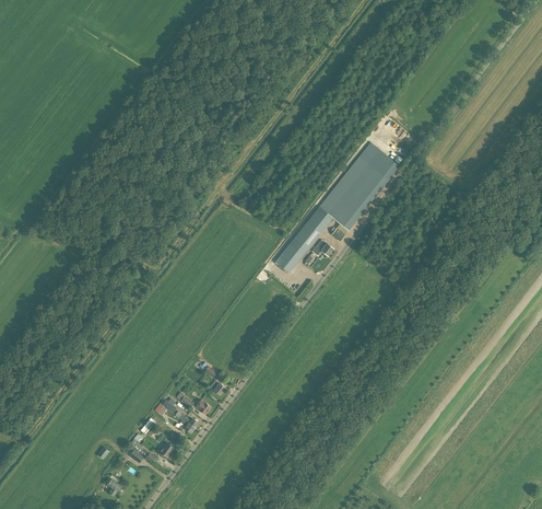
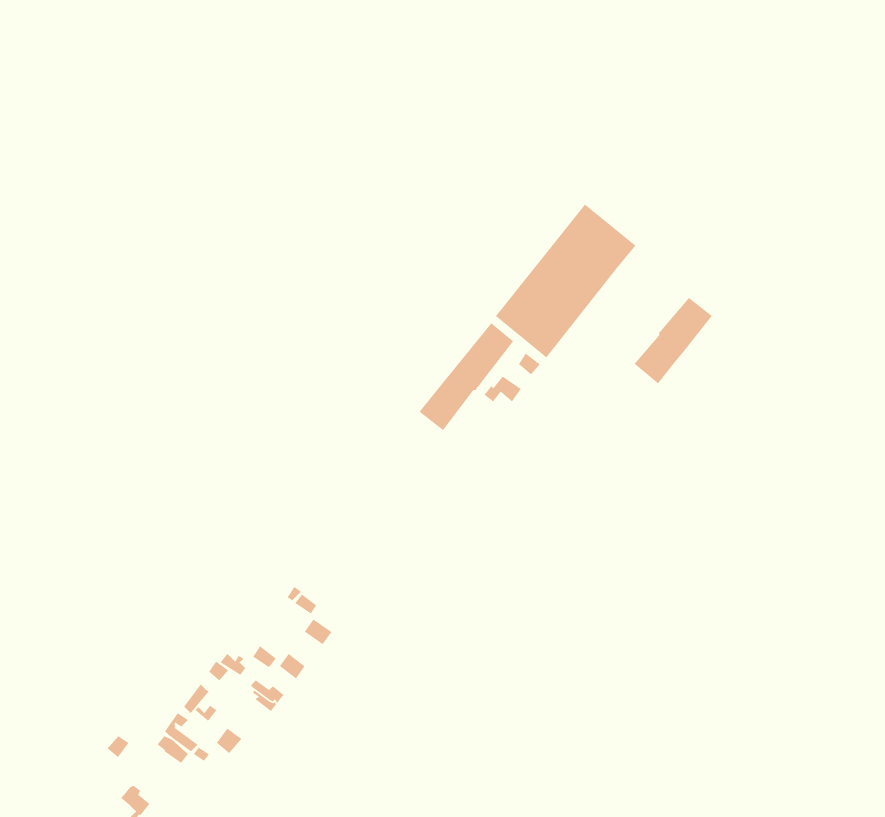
building: none -> [633,297,713,384]

